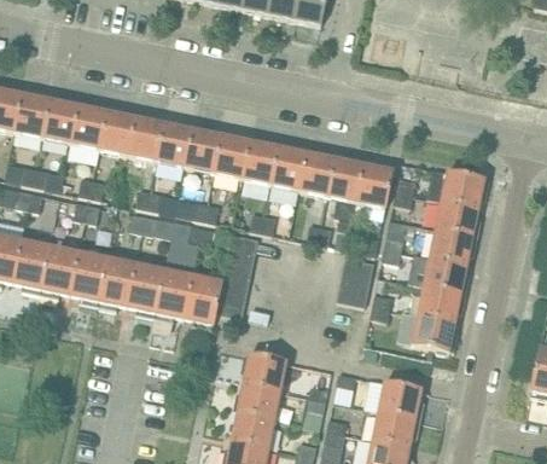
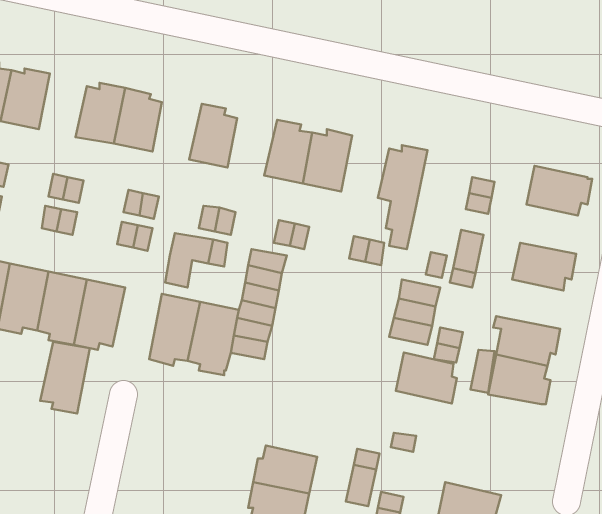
building: [71,102,107,150] -> none
building: [157,121,194,167] -> none
building: [214,133,251,179] -> none
building: [299,149,336,196] -> none
building: [356,159,392,208] -> none
building: [435,201,481,238] -> none
building: [423,257,470,295] -> none
building: [127,263,164,318] -> [40,342,90,414]
building: [240,354,287,391] -> none
building: [378,382,424,420] -> [396,353,457,404]

